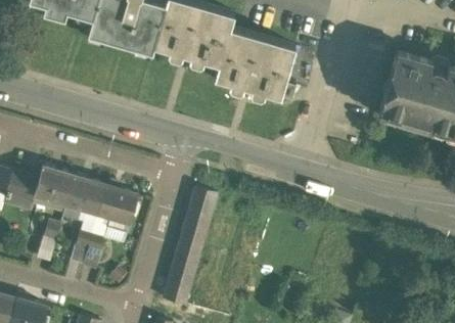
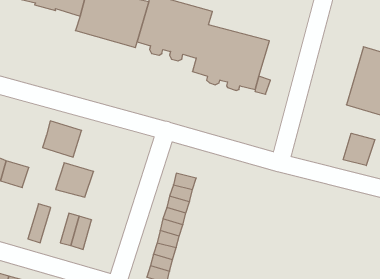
building: none -> [343,133,375,166]
building: [33,167,75,205] -> [43,121,82,157]
building: [97,186,138,224] -> none

